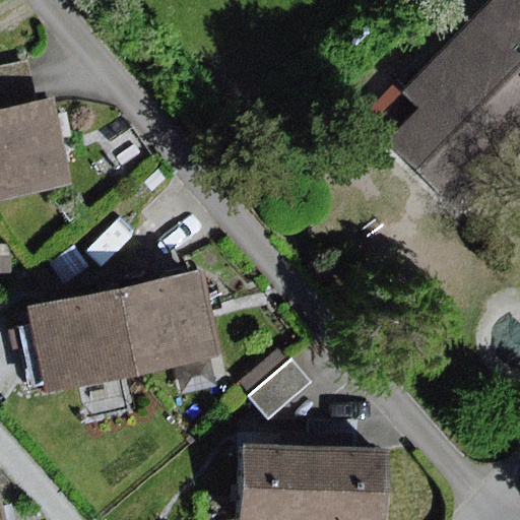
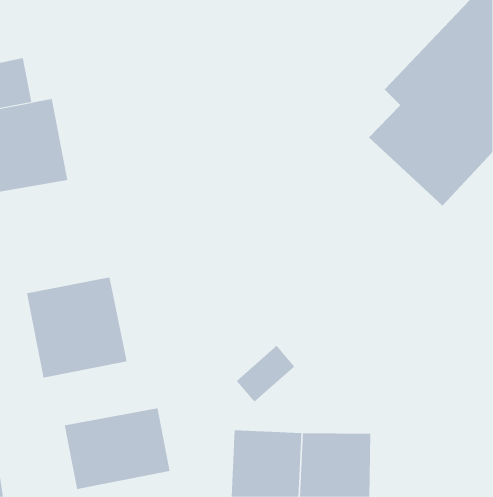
building: [115,271,219,377] -> none
building: none -> [64,407,170,490]

